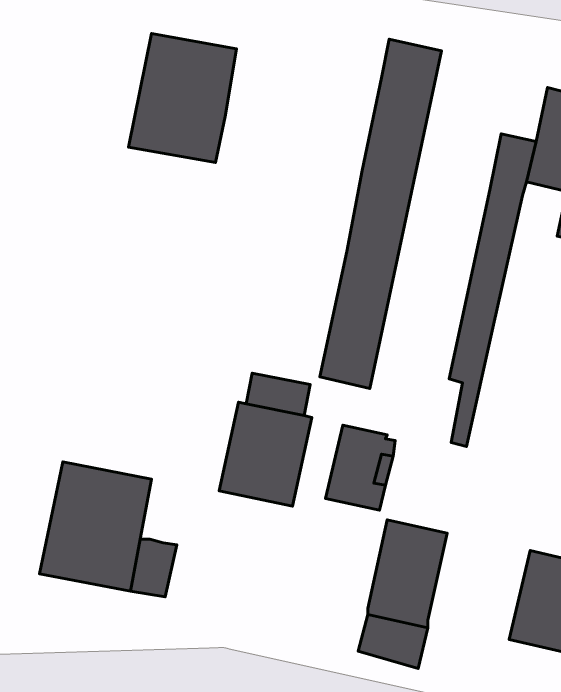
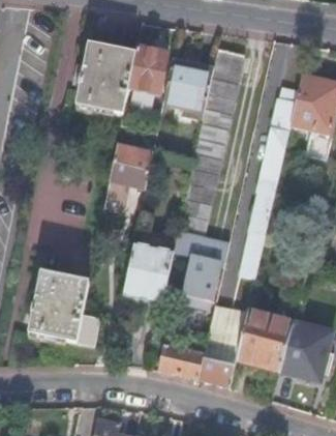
building: none -> [128,47,165,94]
building: none -> [162,59,212,118]
building: none -> [103,146,152,220]
building: none -> [237,312,292,370]
building: none -> [159,345,205,376]

